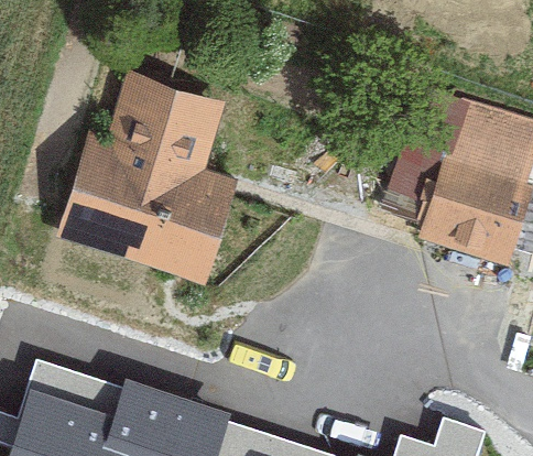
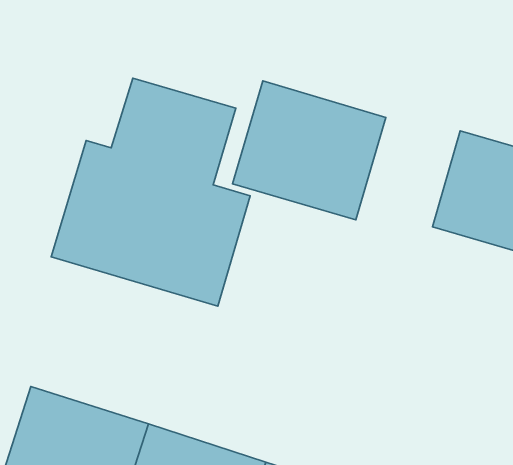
building: none -> [233,81,386,220]

